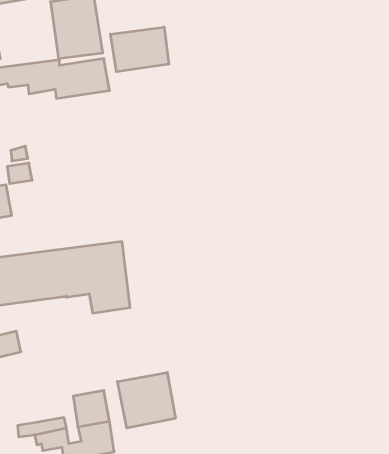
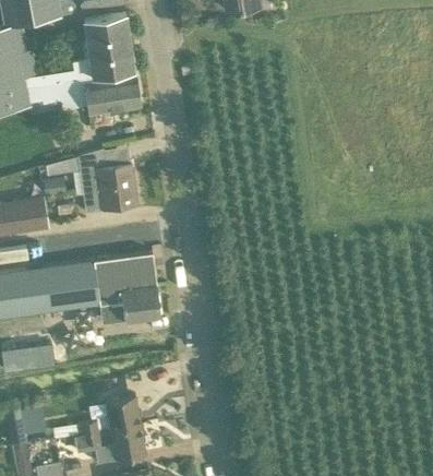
building: [110,27,169,72] -> none
building: none -> [77,148,136,212]
building: [117,372,175,428] -> none

